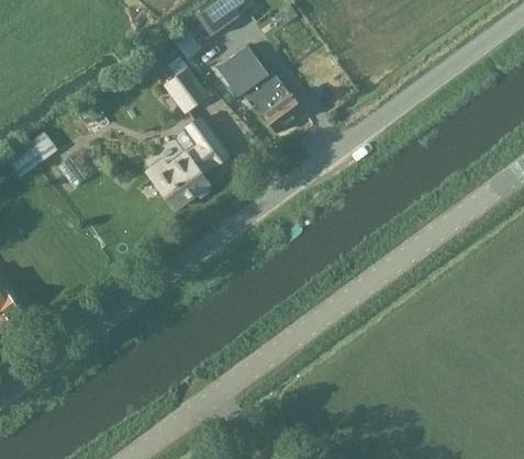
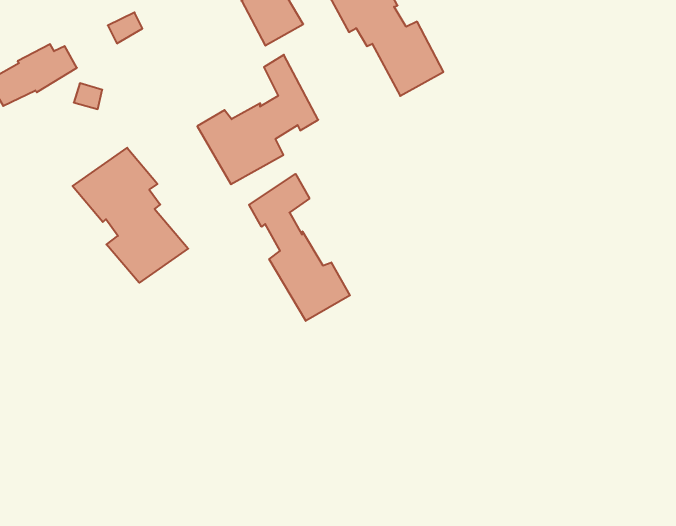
building: none -> [73,148,188,283]
building: none -> [249,174,350,321]

